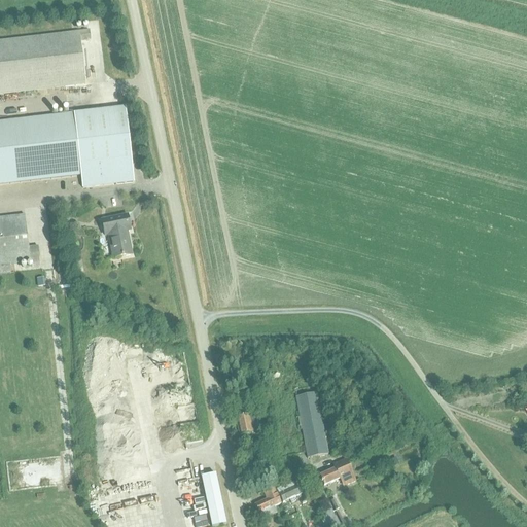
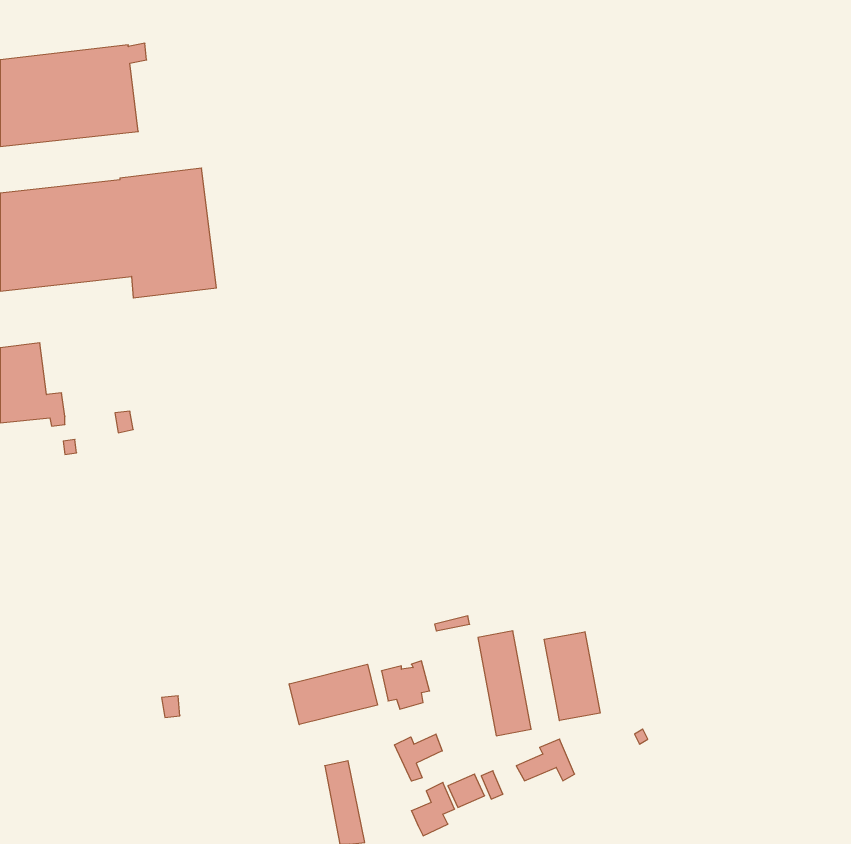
building: [102,214,132,255] -> none
building: none -> [544,632,600,721]
building: none -> [289,664,377,725]
building: none -> [395,734,442,781]

